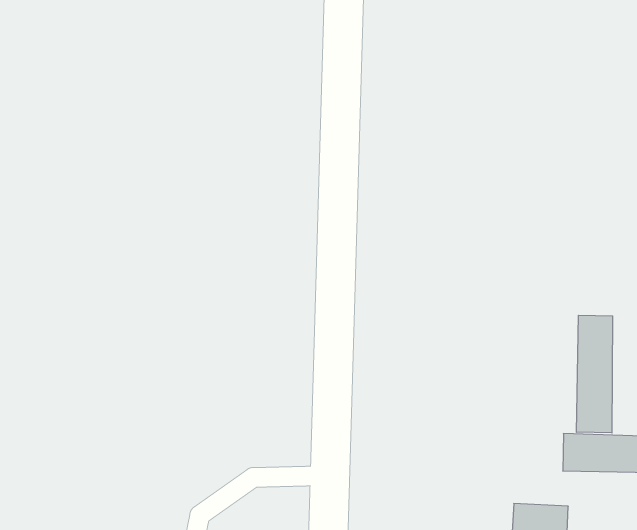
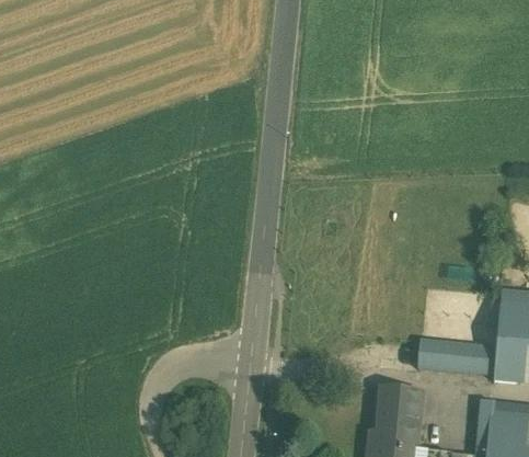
building: [576,315,613,433] -> none

